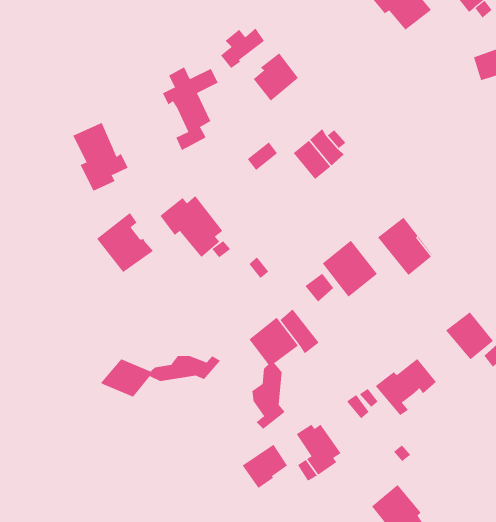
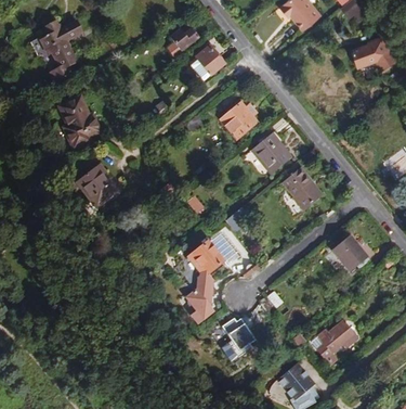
building: [162,67,218,151] -> [41,21,82,82]
building: [159,195,223,258] -> none
building: [322,240,378,298] -> [251,131,292,174]
building: [100,355,221,398] -> none
building: [375,358,437,416] -> [312,320,357,362]
building: [242,444,288,489] -> none

